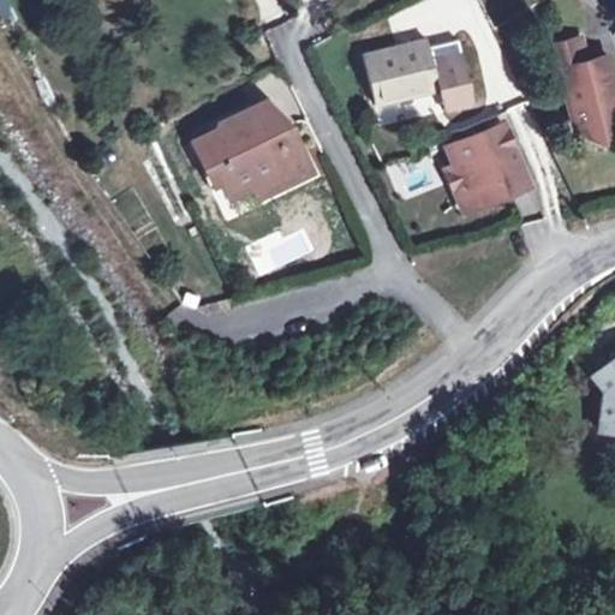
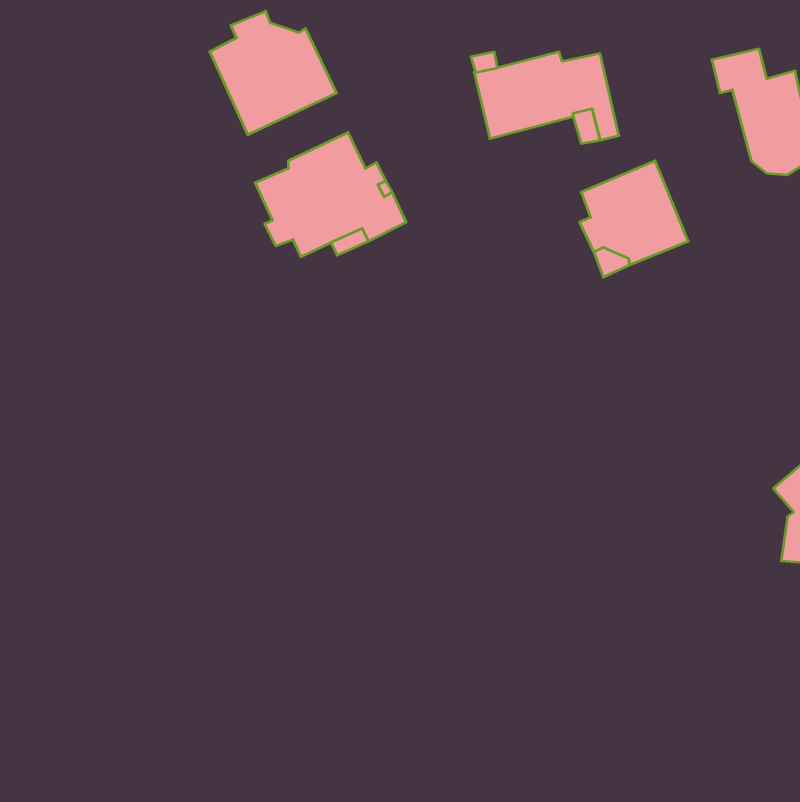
building: none -> [210,11,336,135]

